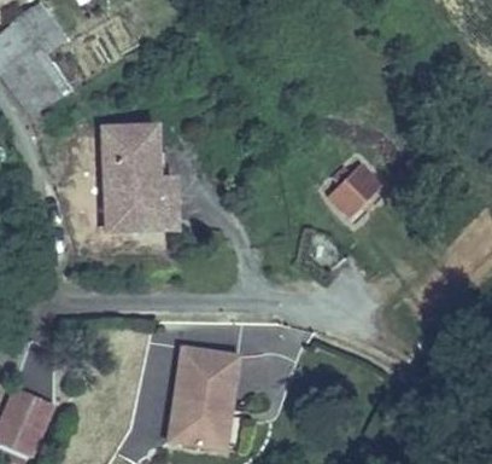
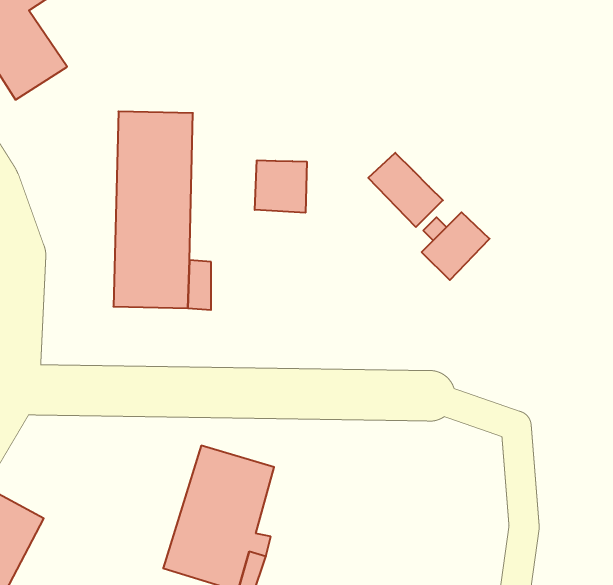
building: none -> [368,153,443,227]
building: none -> [255,160,307,213]

